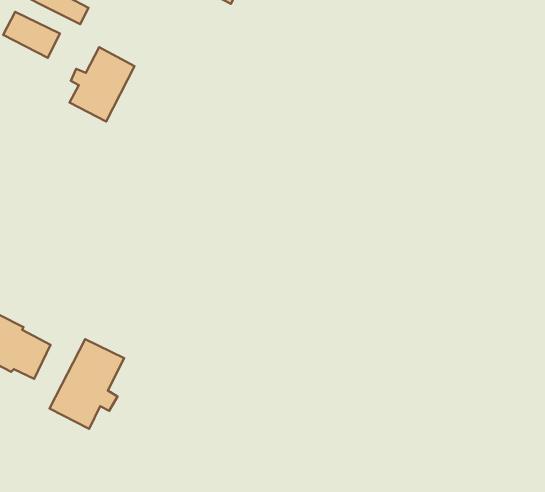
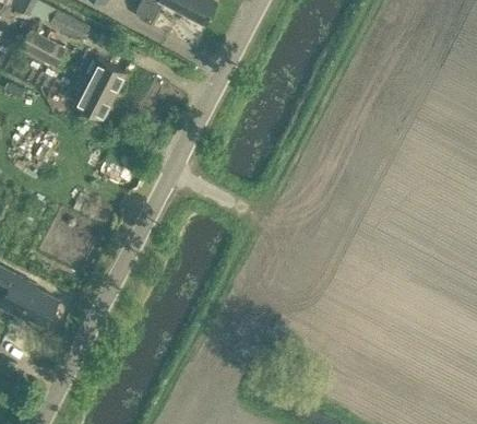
building: [49,339,124,429] -> none

